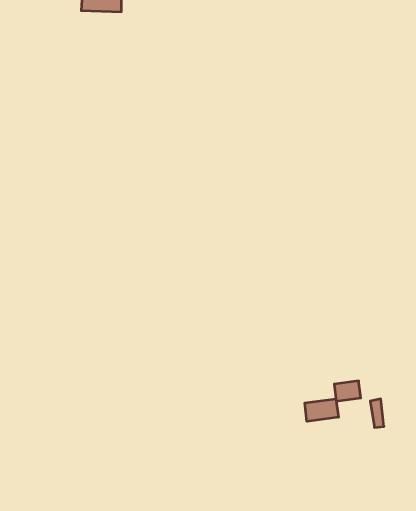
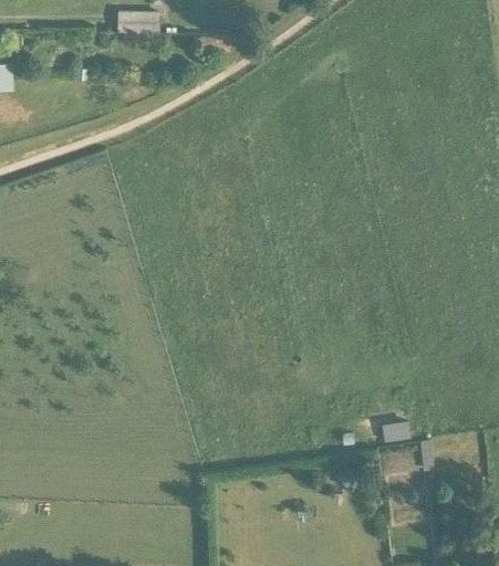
building: [305,399,338,421] -> none

